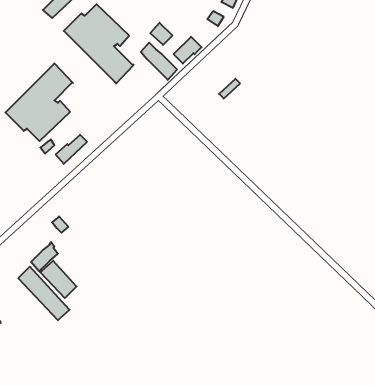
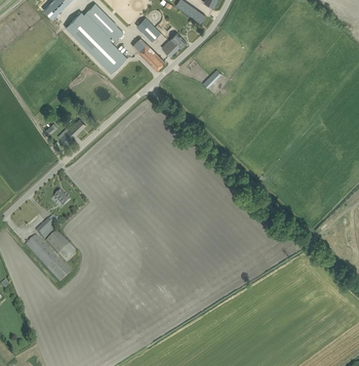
building: [5,63,73,141] -> none

